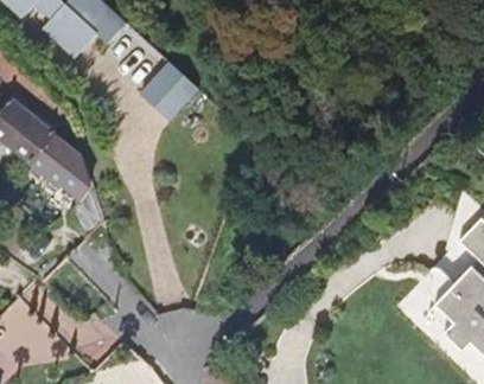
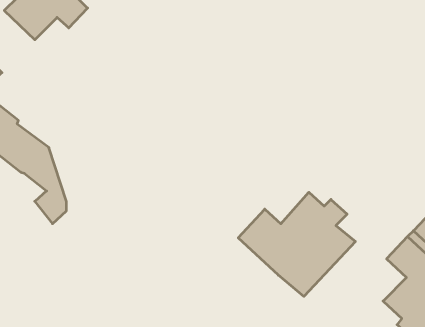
building: [140,66,197,124] -> none
building: none -> [238,192,355,296]

